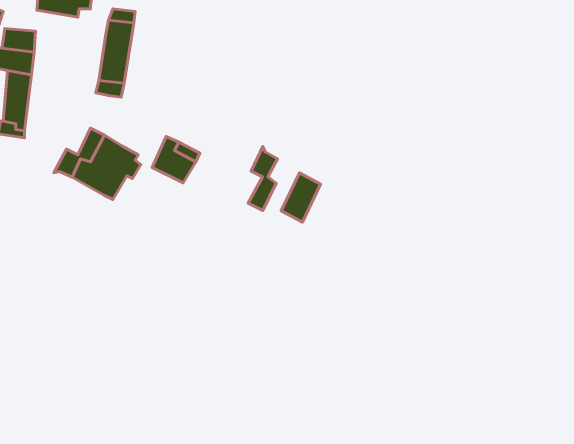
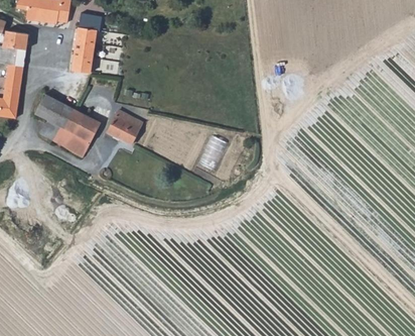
building: none -> [36,94,65,123]
building: [248,146,278,211] -> none

